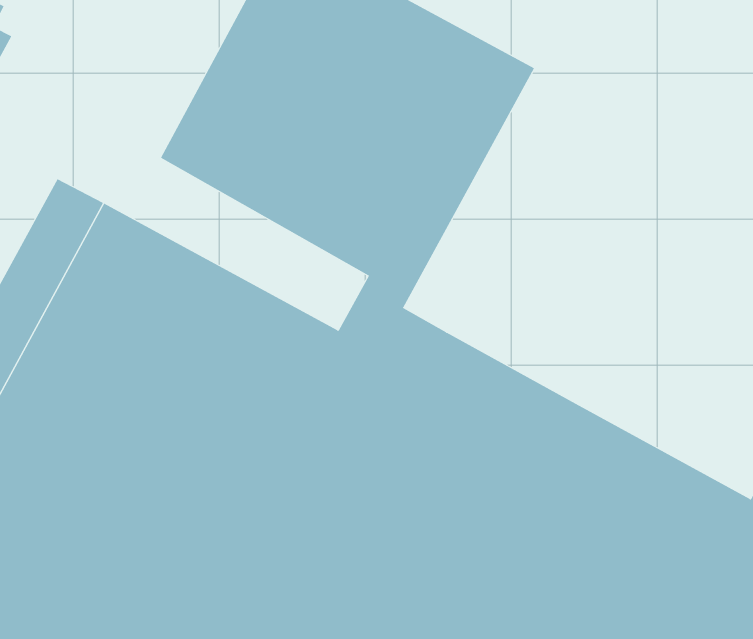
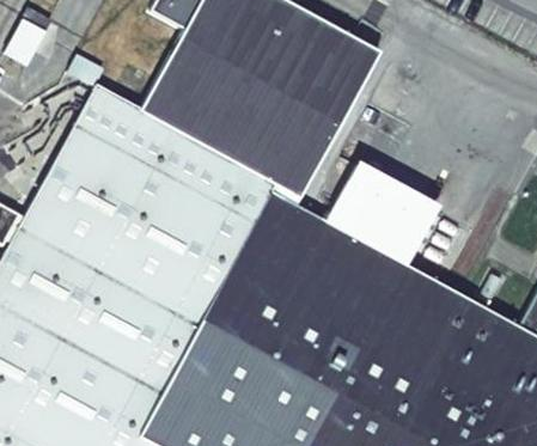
building: none -> [74,86,273,221]
building: none -> [323,164,439,268]

